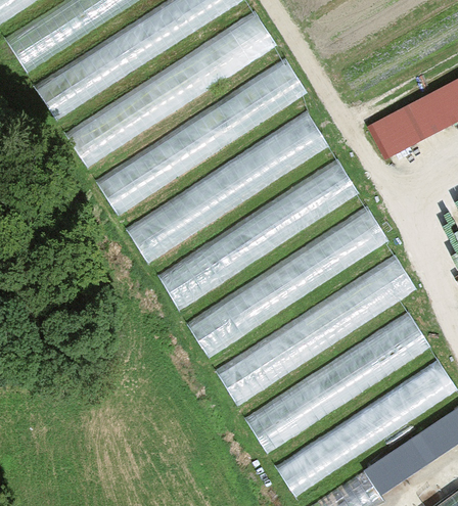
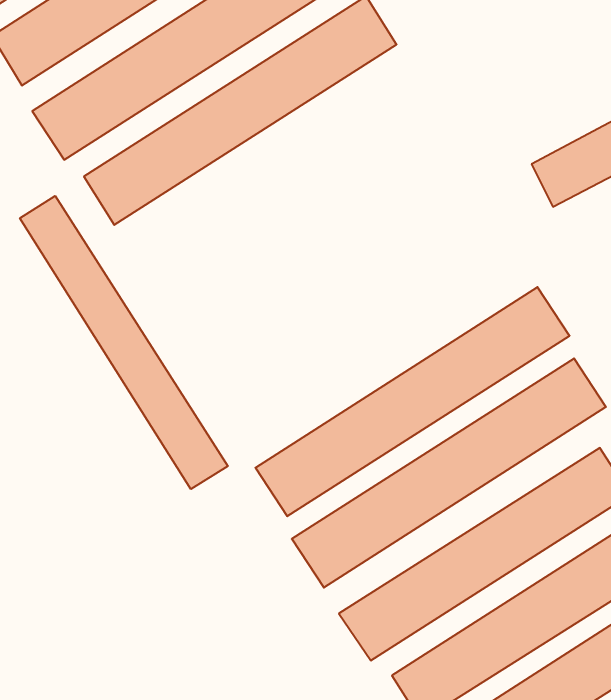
building: [95,59,307,214] -> none
building: [122,109,333,264] -> none
building: none -> [20,196,228,489]
building: [150,160,361,315] -> none

